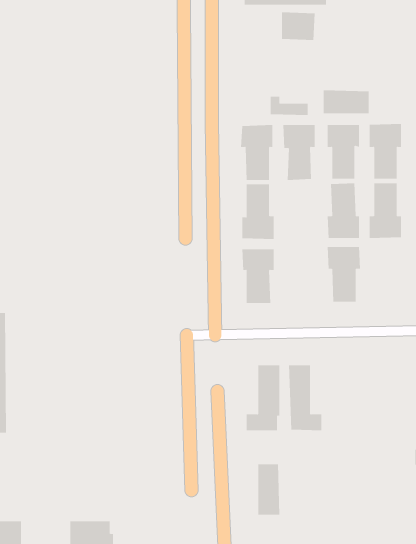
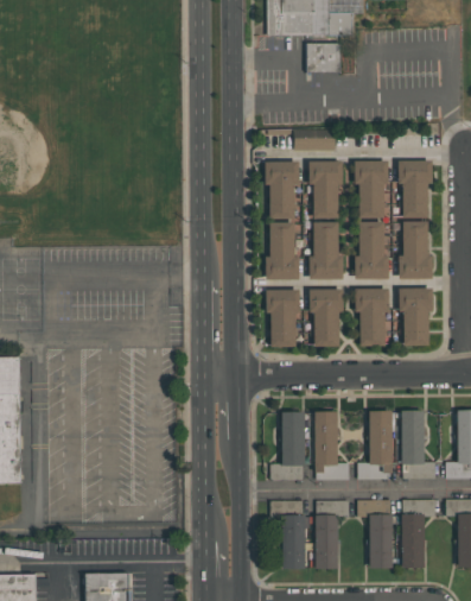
building: [323,89,369,114] -> none
building: none -> [310,221,344,279]
building: none -> [399,287,434,344]
building: none -> [310,289,344,346]
building: none -> [358,410,393,479]
building: none -> [402,411,437,477]
building: none -> [358,499,393,568]
building: none -> [402,499,437,567]
building: none -> [316,500,351,568]

